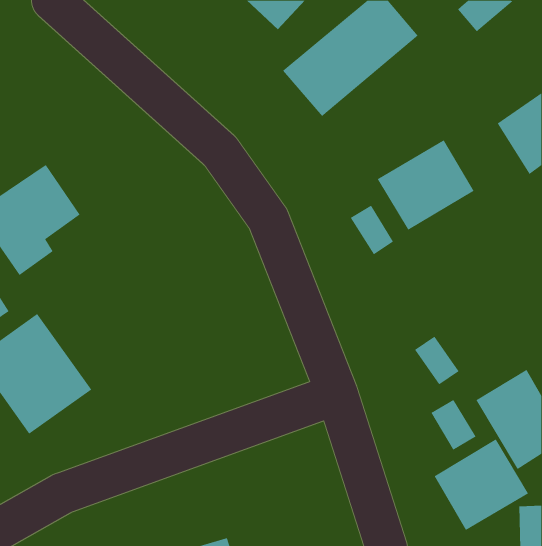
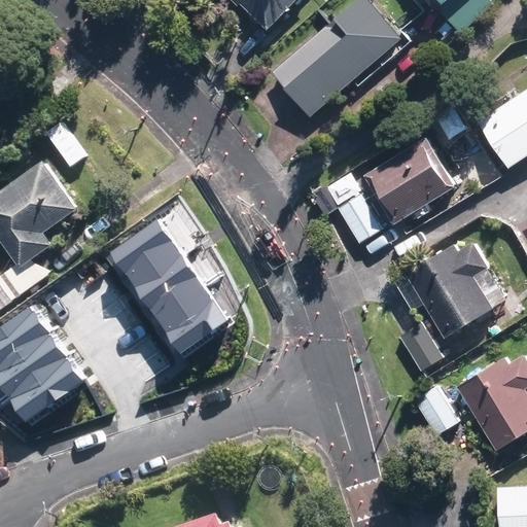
building: none -> [108,221,234,360]
building: none -> [395,236,508,339]
building: [434,439,529,531] -> none

